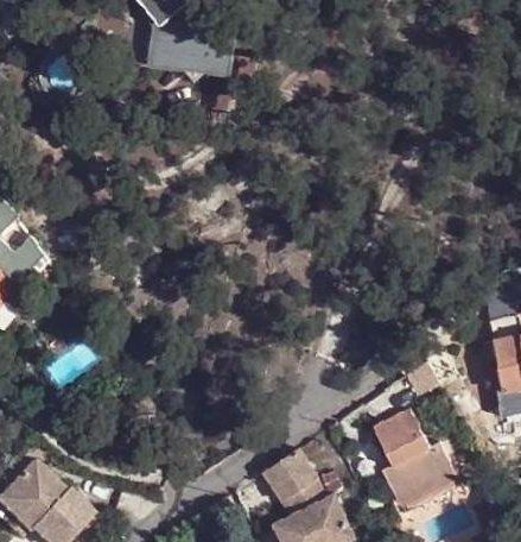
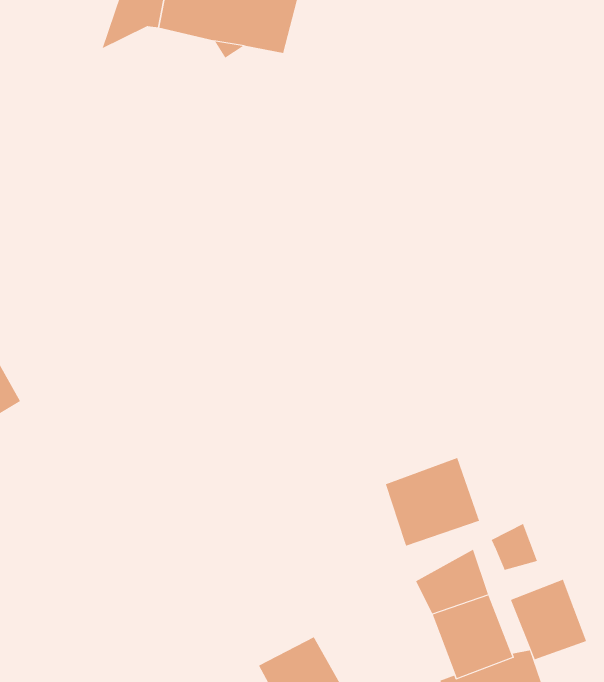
building: none -> [385,457,480,547]
building: none -> [510,579,587,660]

